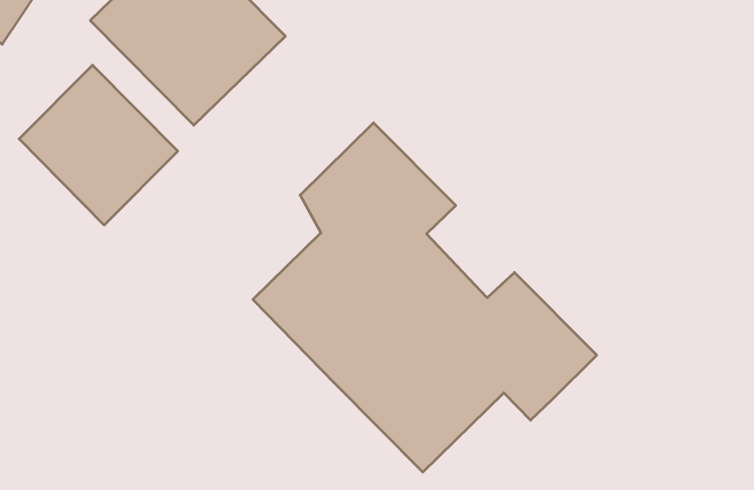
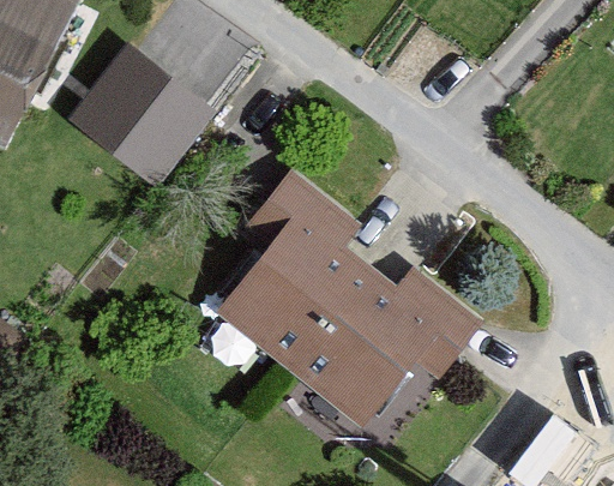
building: [19,65,178,225] -> none

